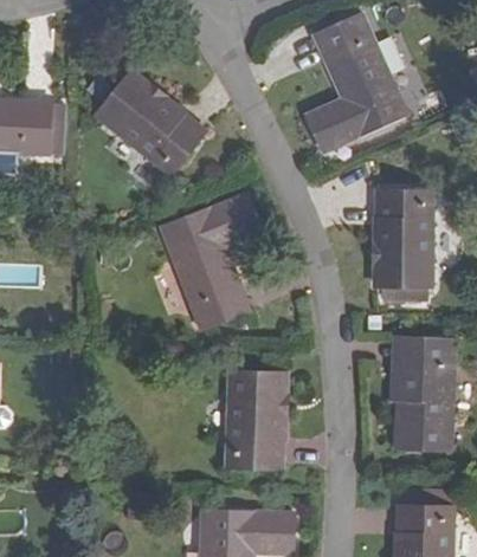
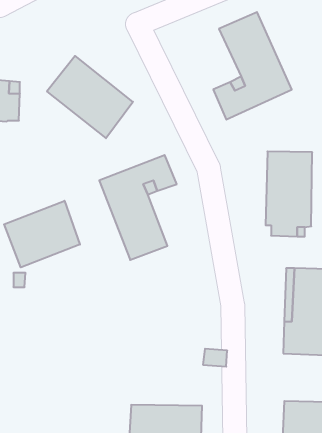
building: none -> [4,201,80,267]
building: [226,373,286,469] -> none

